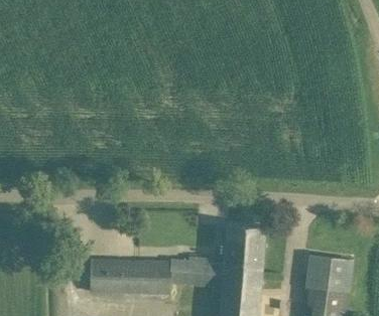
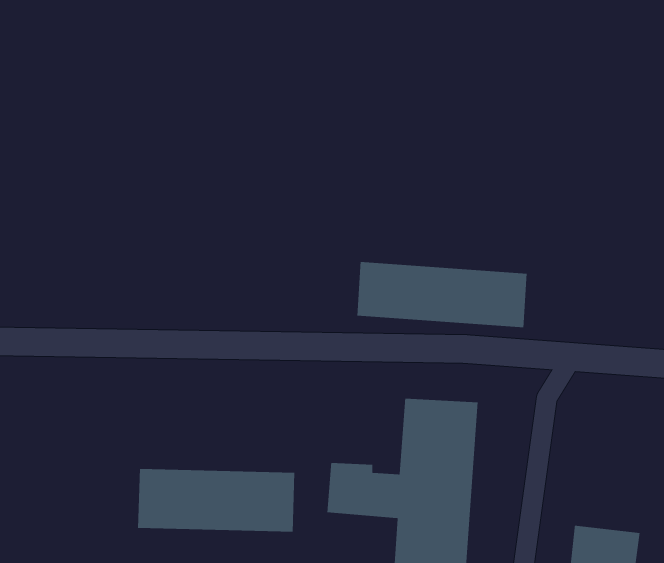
building: none -> [356,261,528,328]
building: [306,256,353,294] -> none

